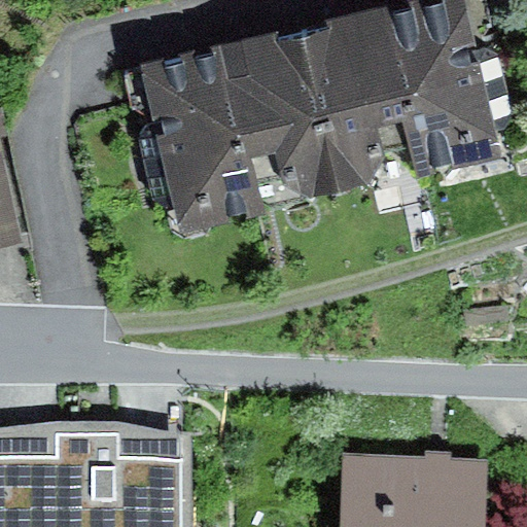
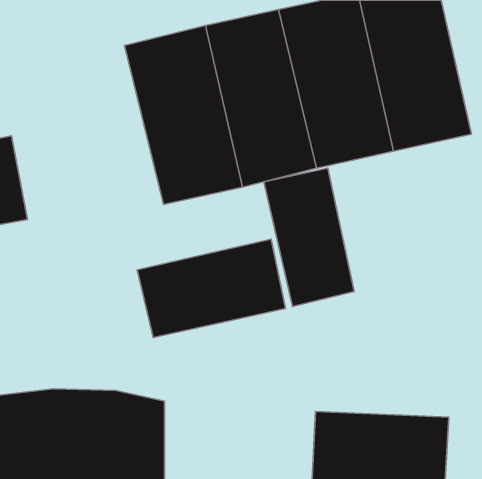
building: none -> [264,168,354,306]
building: none -> [137,239,286,338]

